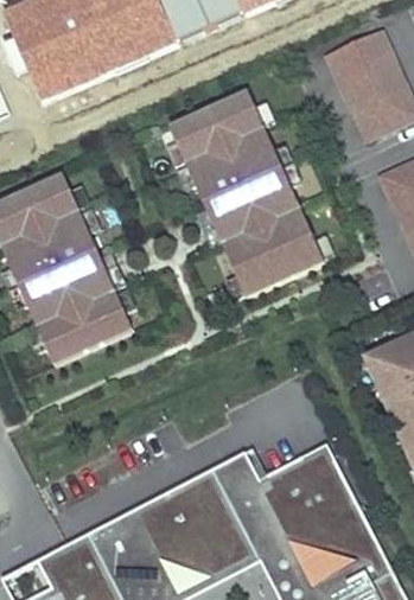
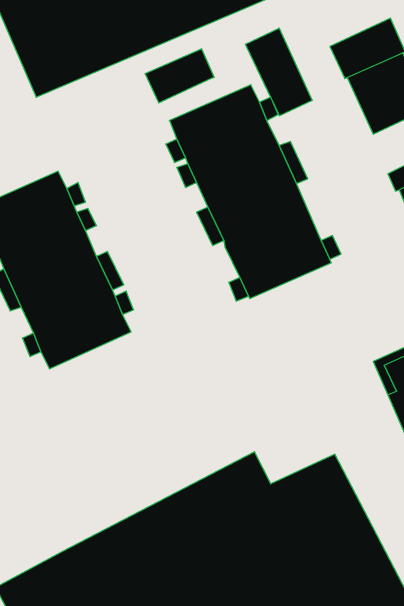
building: none -> [246,28,312,116]
building: none -> [145,49,214,103]

